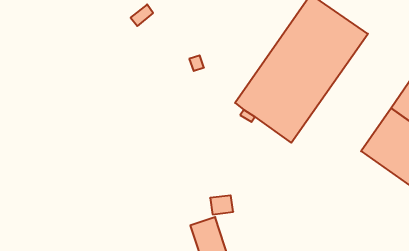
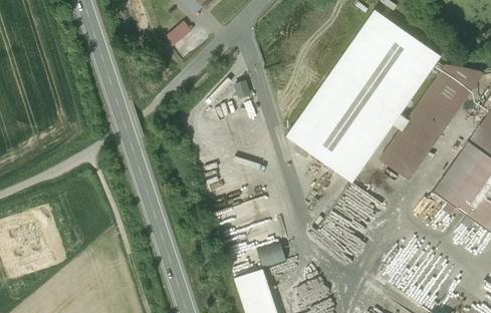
building: none -> [380,64,483,180]

